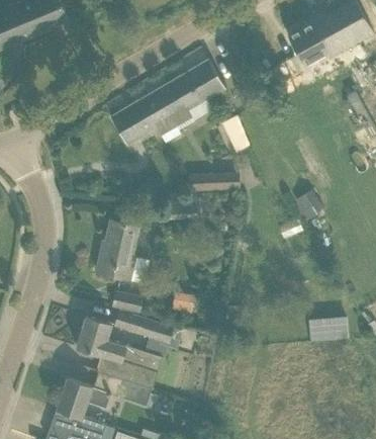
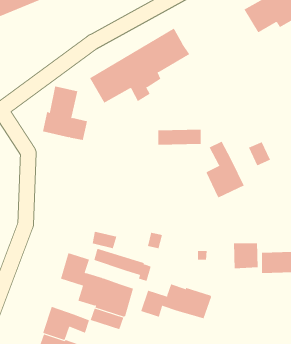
building: none -> [206,141,244,198]
building: [96,219,149,282] -> [42,86,88,140]
building: none -> [233,242,258,269]
building: none -> [141,284,212,319]

